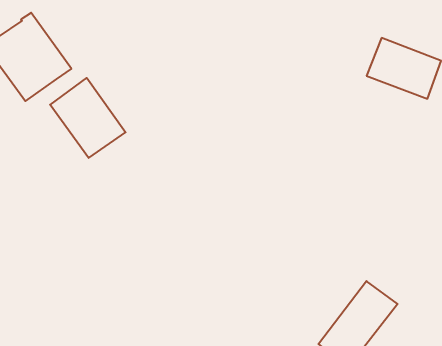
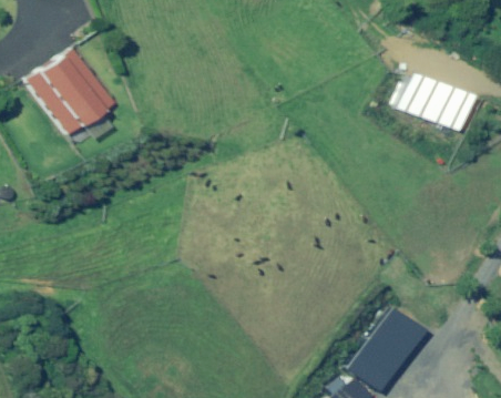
building: [50,78,126,158] -> none

